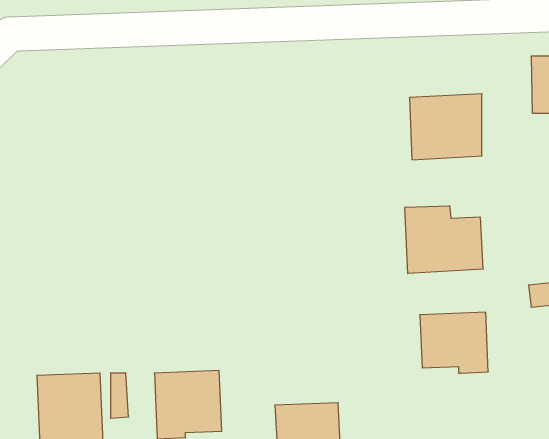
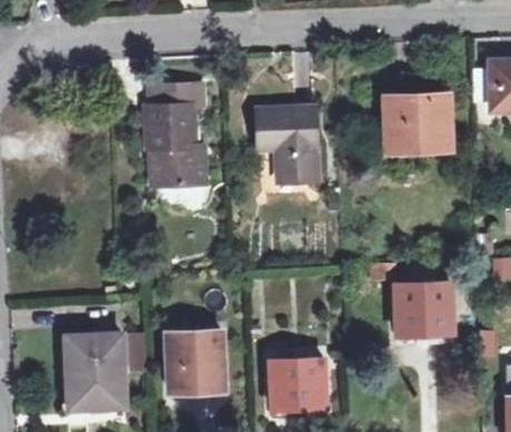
building: none -> [146,85,204,186]
building: none -> [259,108,317,179]
building: [405,206,483,274] -> none

